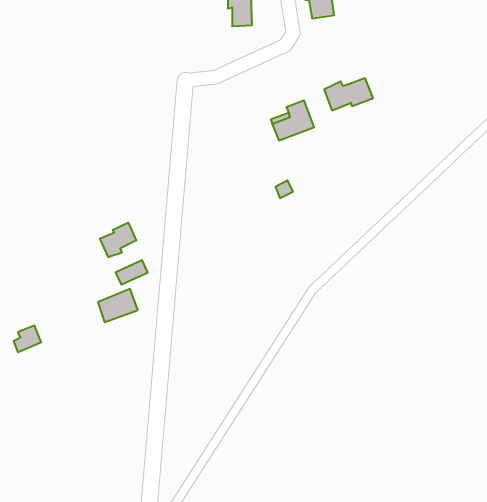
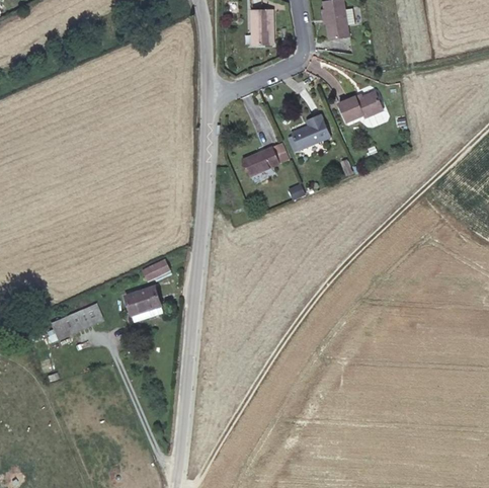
building: none -> [239,147,275,176]
building: [100,223,136,257] -> none
building: none -> [73,307,105,333]

